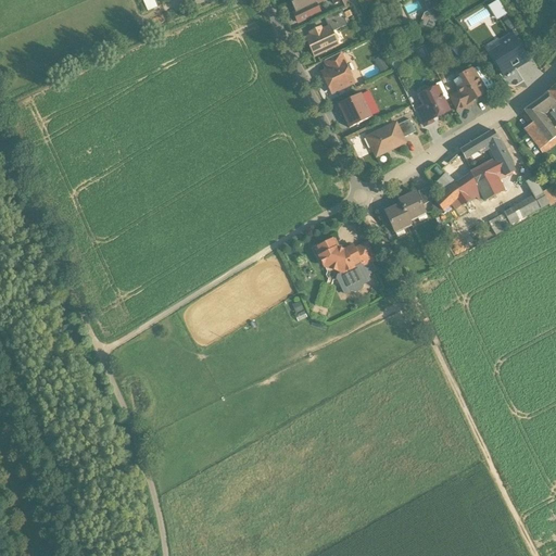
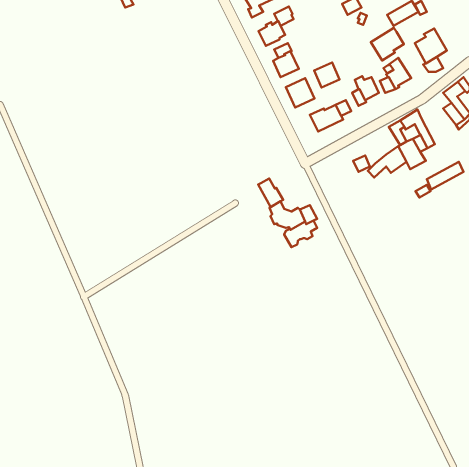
building: none -> [371,28,404,61]
building: none -> [314,62,339,87]
building: [386,191,426,230] -> none
building: none -> [258,179,283,207]

